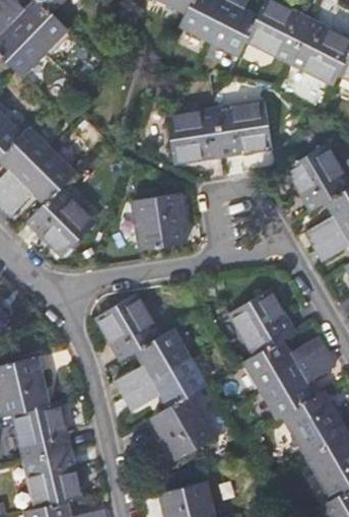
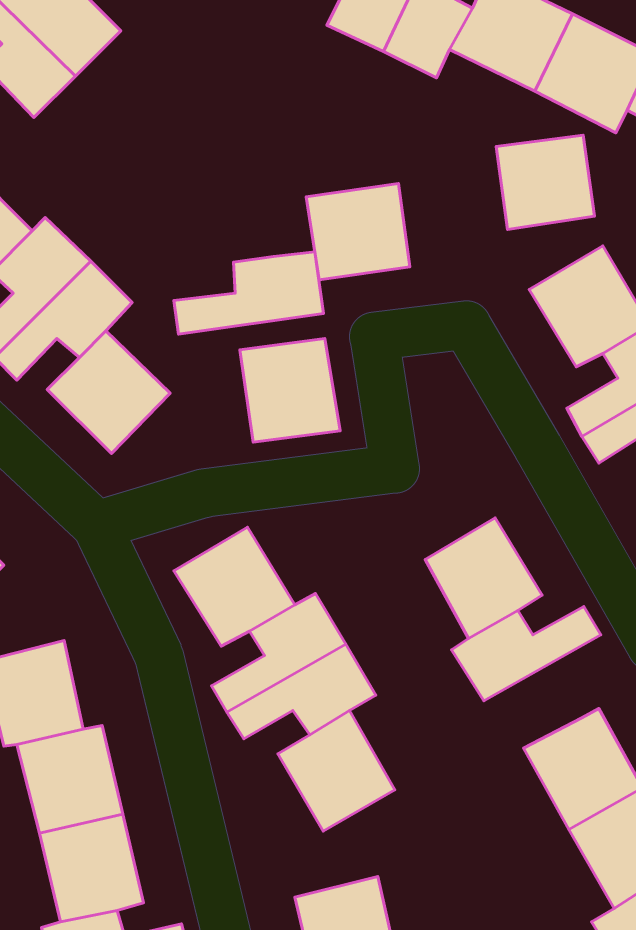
building: [217,105,270,155] -> [496,135,594,229]
building: none -> [174,252,324,334]
building: [263,353,335,417] -> none

